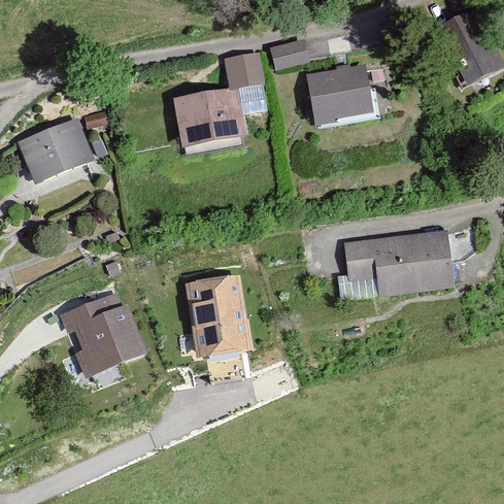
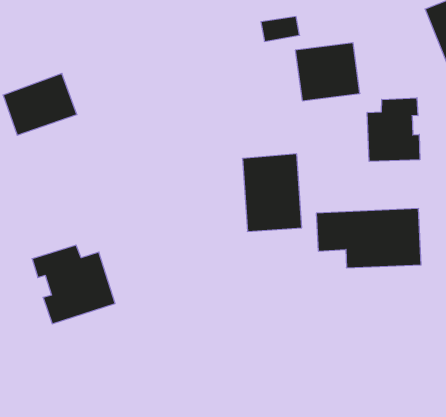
building: [173,57,266,152] -> none
building: none -> [367,98,420,161]
building: [182,273,248,356] -> [242,154,302,231]

